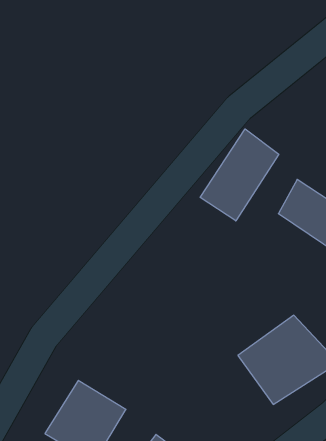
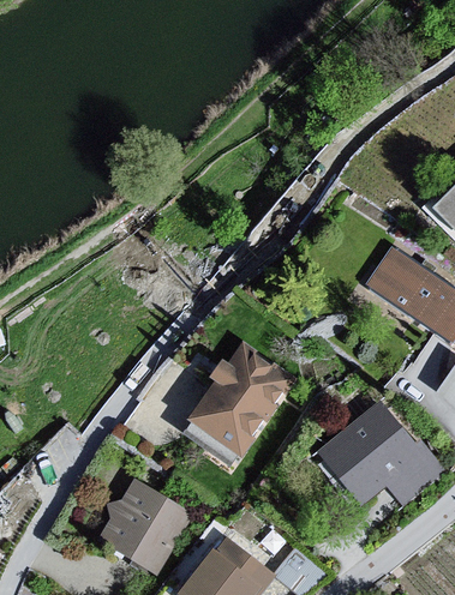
building: [200,129,279,221] -> none
building: none -> [191,342,292,453]

